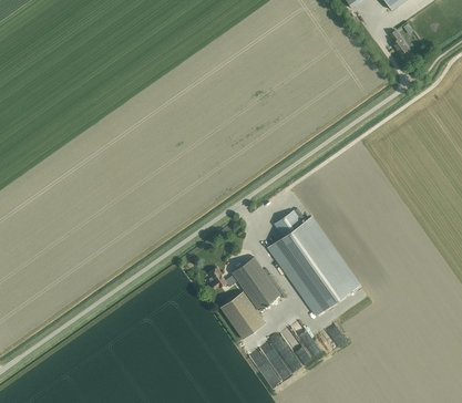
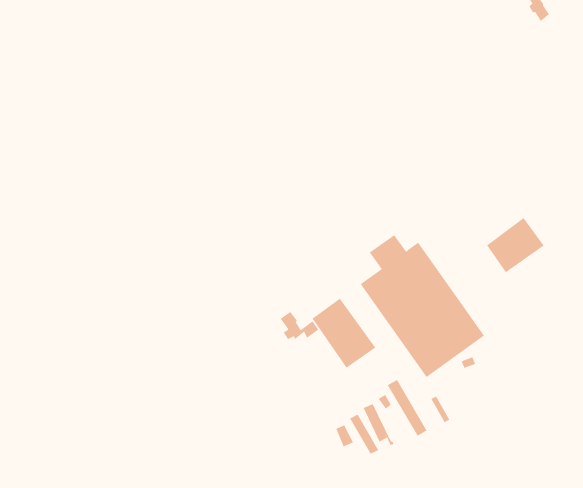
building: none -> [486,217,544,273]
building: [219,291,265,339] -> none

